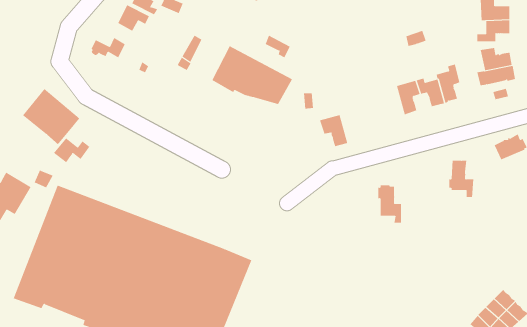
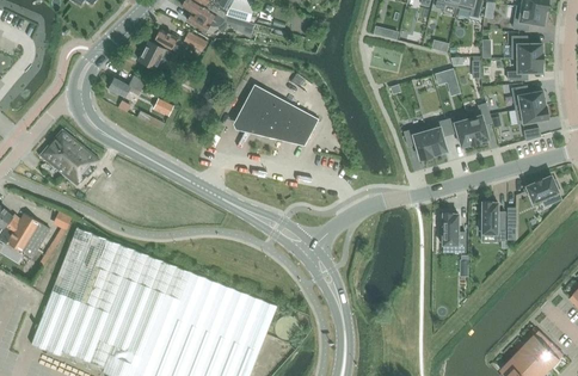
building: [319,114,348,147] -> [404,127,433,160]
building: [53,138,90,163] -> none
building: [377,185,402,223] -> [439,214,465,253]

